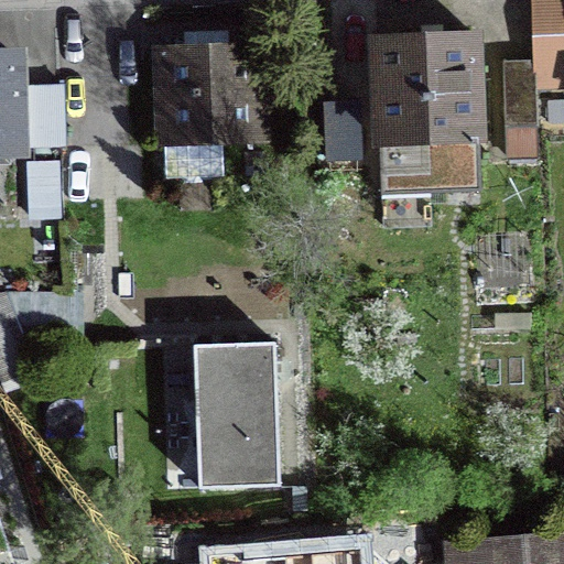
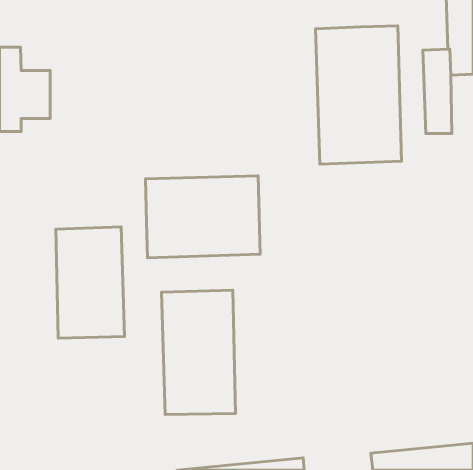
building: [150,29,272,178] -> none
building: none -> [146,176,260,258]
building: none -> [56,227,124,338]

